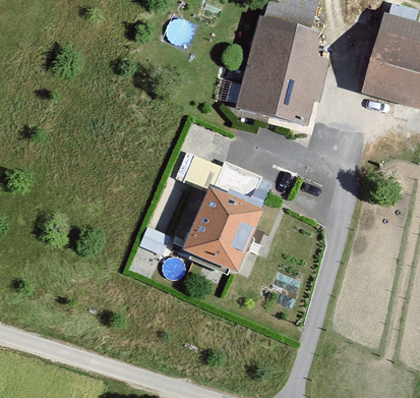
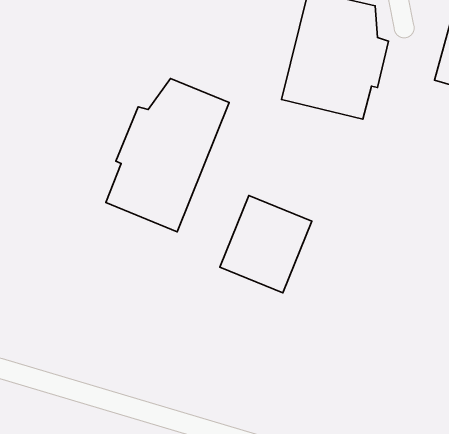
building: none -> [106,78,229,232]

